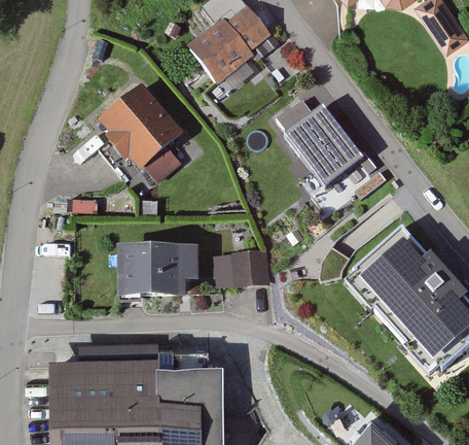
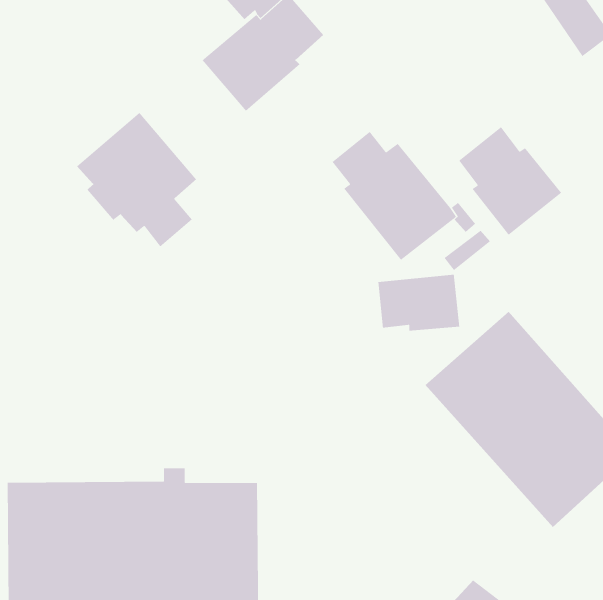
building: none -> [458,126,562,236]
building: [117,250,200,306] -> none
building: [214,250,272,290] -> [378,274,460,332]

